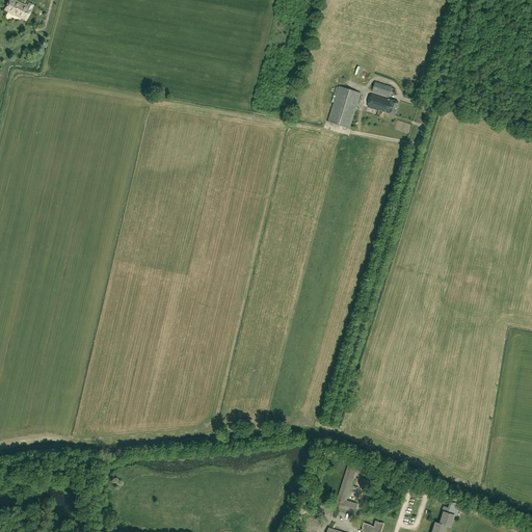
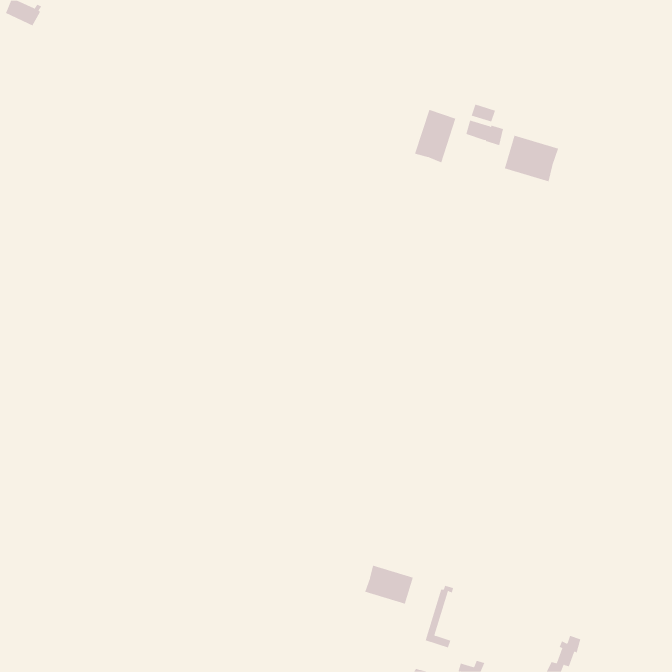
building: none -> [504,135,559,182]
building: none -> [365,565,413,605]

